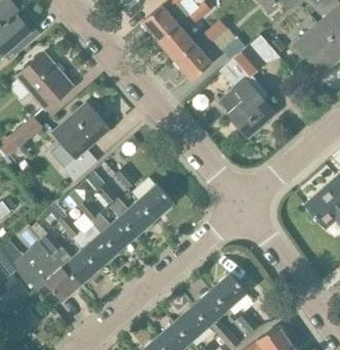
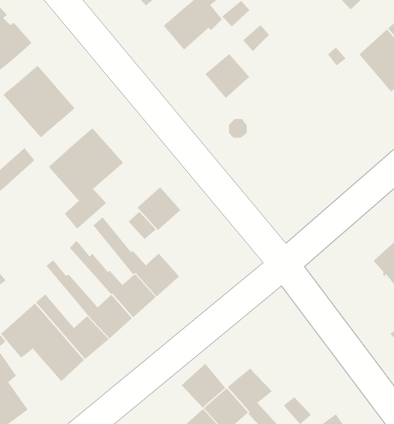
building: [158,24,194,59] -> none
building: [215,44,277,138] -> none
building: [138,183,173,218] -> [137,187,181,231]
building: [210,272,246,308] -> [181,363,226,409]

